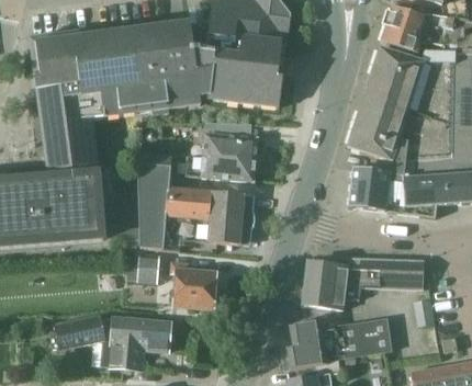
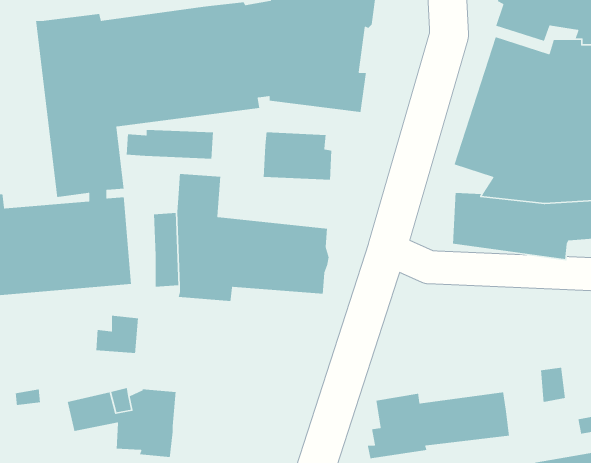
building: [189,156,256,179] -> [126,129,214,159]
building: [127,252,160,282] -> [95,315,139,354]
building: [306,258,424,308] -> none
building: [172,261,220,307] -> none
building: [136,318,172,352] -> none

